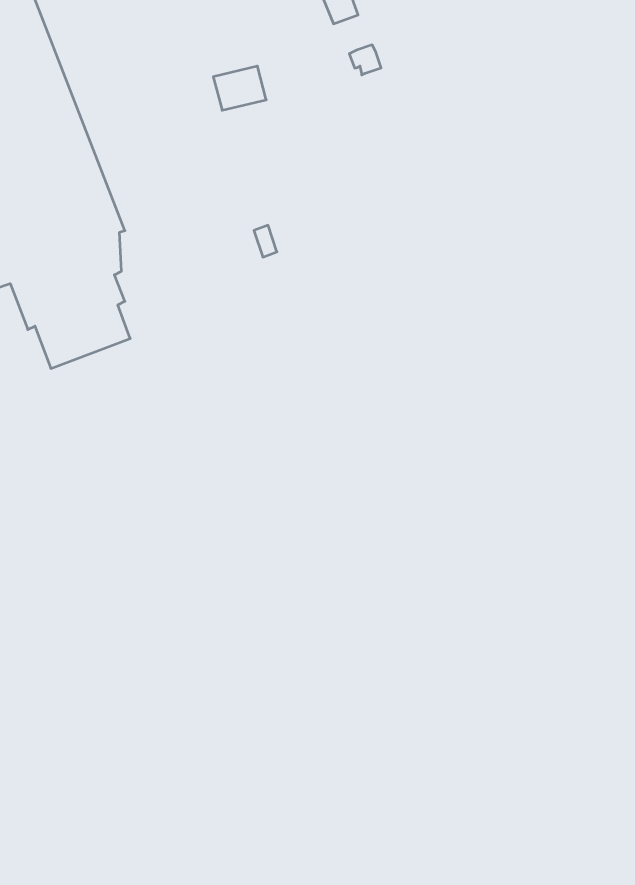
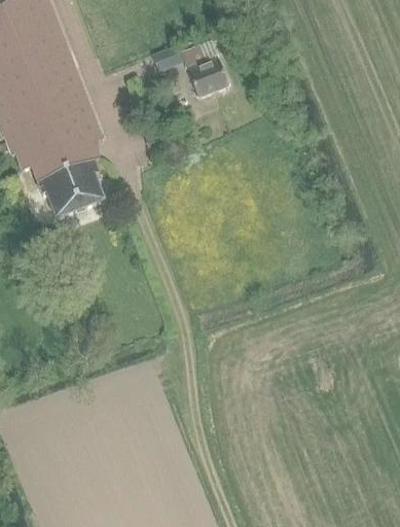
building: none -> [184,44,229,96]

